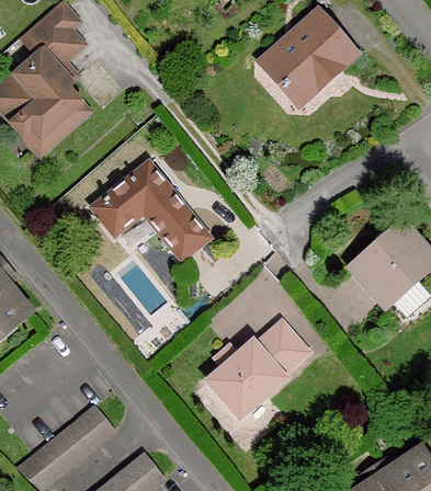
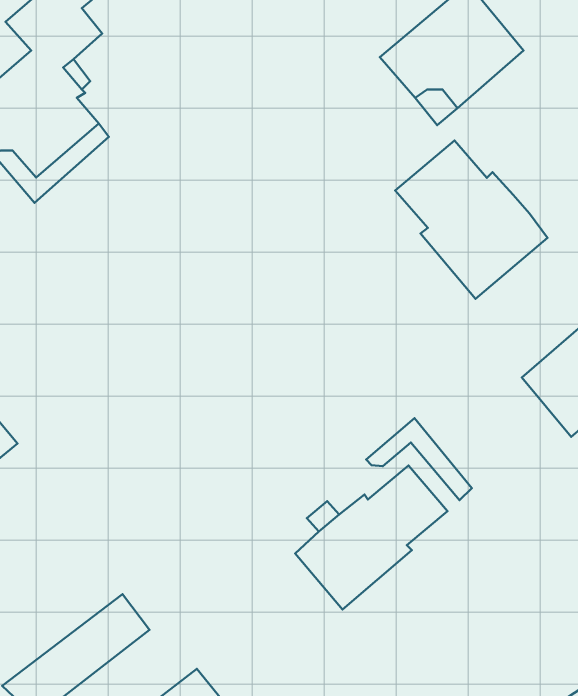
building: none -> [395,140,548,299]
building: [92,162,209,260] -> none
building: none -> [366,418,472,500]

